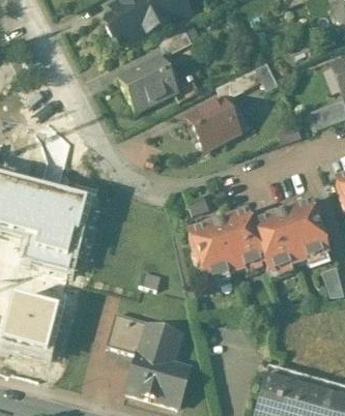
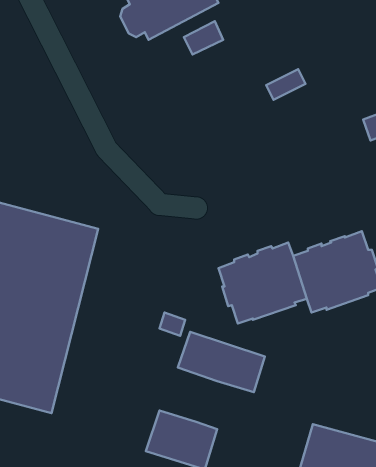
building: [117,56,178,109] -> none
building: [188,98,237,147] -> none
building: [106,311,179,362] -> [178,332,265,392]

